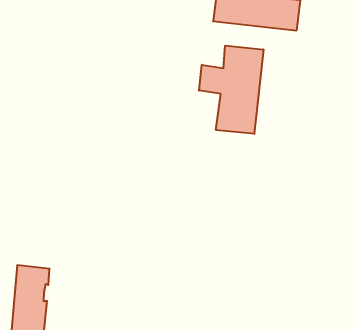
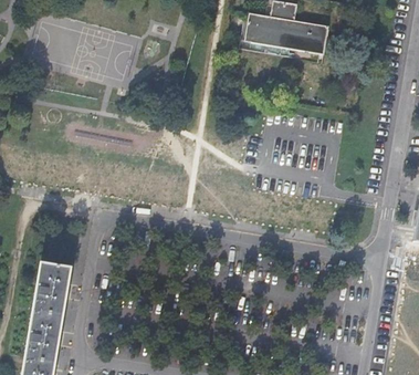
building: [199,46,263,134] -> none

